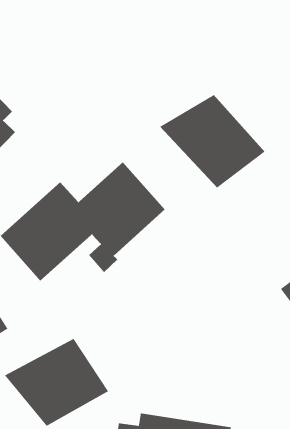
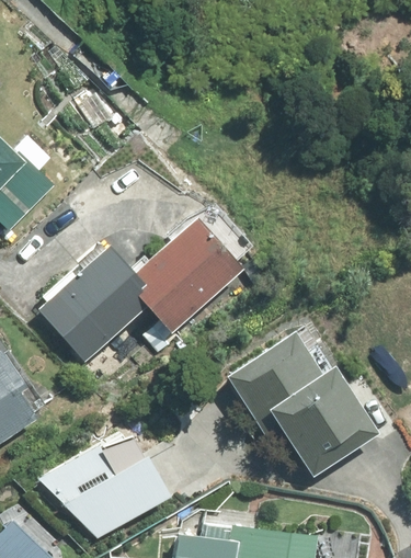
building: [159,94,265,189] -> none
building: none -> [224,330,378,476]

